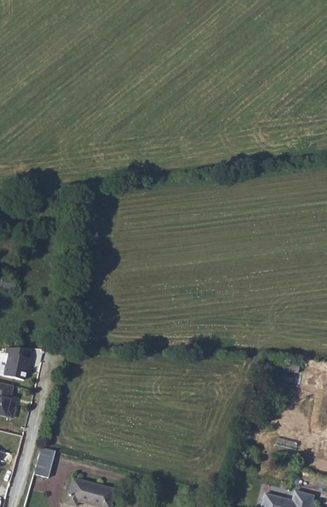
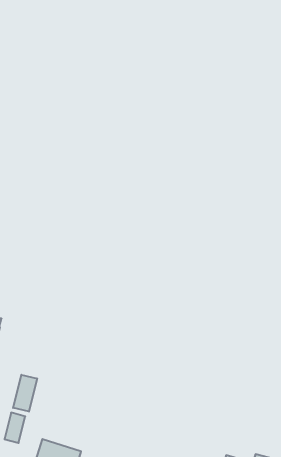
building: none -> [13,375,37,412]

